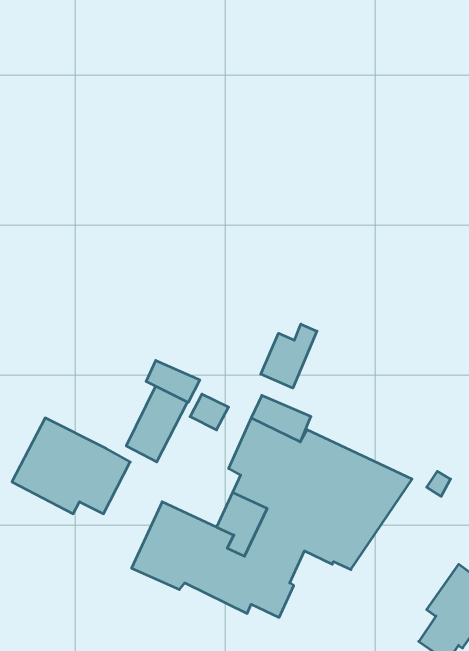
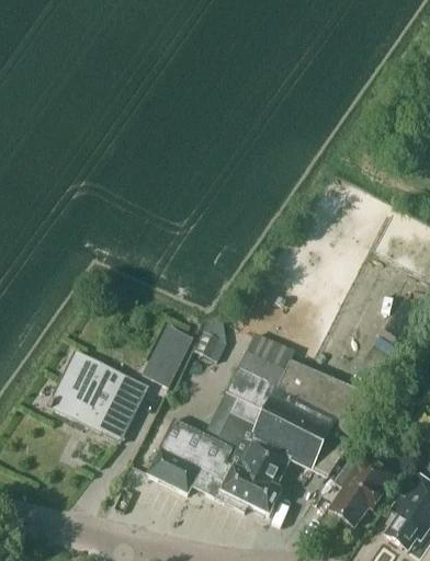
building: [261,324,317,388] -> none
building: [146,360,200,402] -> none
building: none -> [328,449,395,528]

